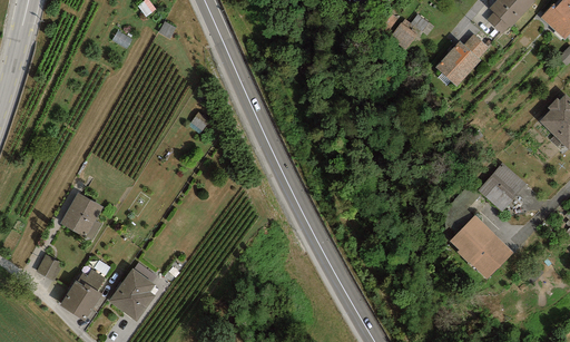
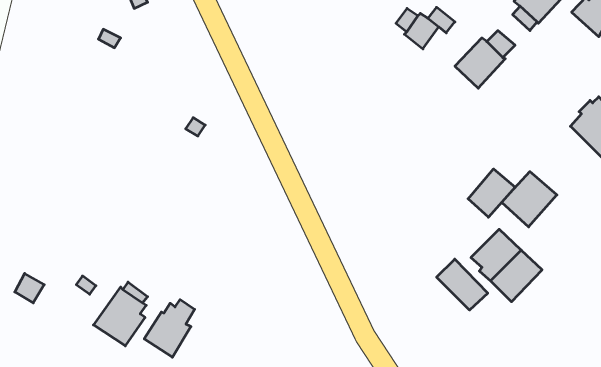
building: none -> [468,169,515,217]
building: [59,192,102,237] -> none
building: none -> [437,259,488,310]
building: [59,268,105,321] -> [144,300,195,357]

